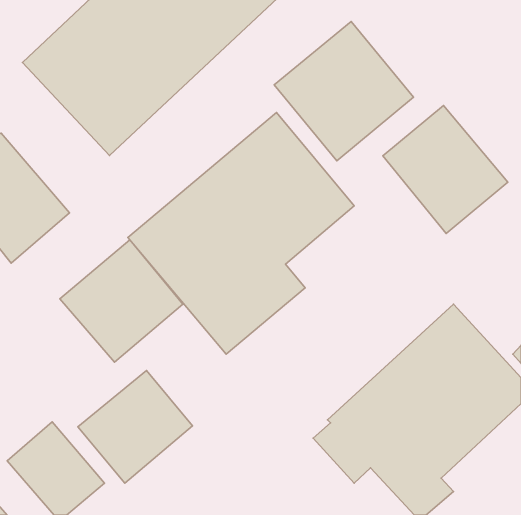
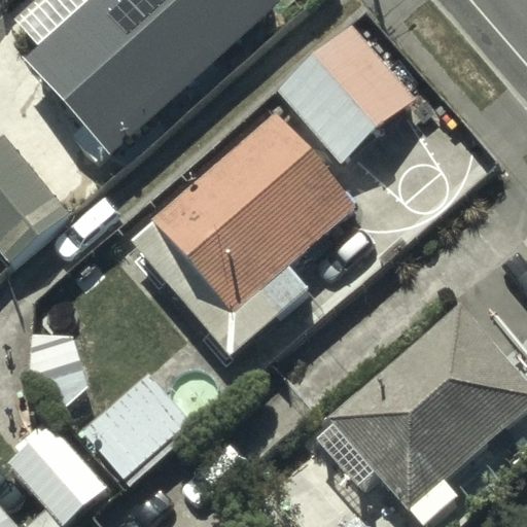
building: [383,106,508,233] -> none
building: [60,240,183,362] -> none

